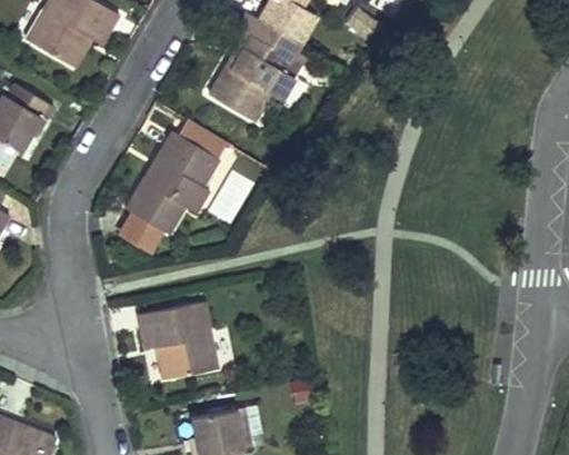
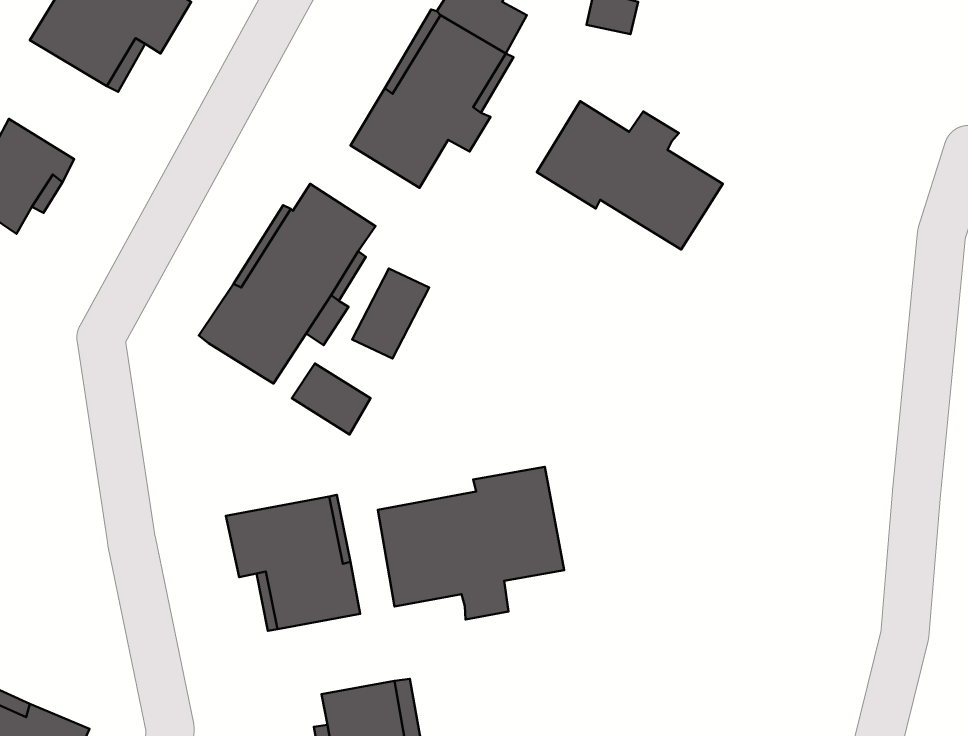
building: none -> [537,101,723,249]
building: [114,214,160,255] -> [292,364,371,435]
building: none -> [378,467,564,620]

